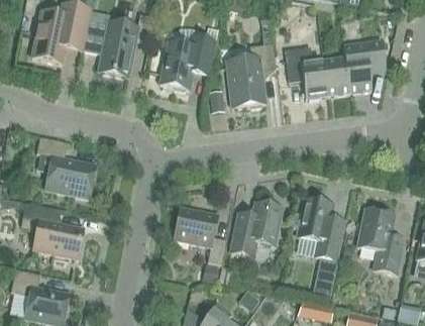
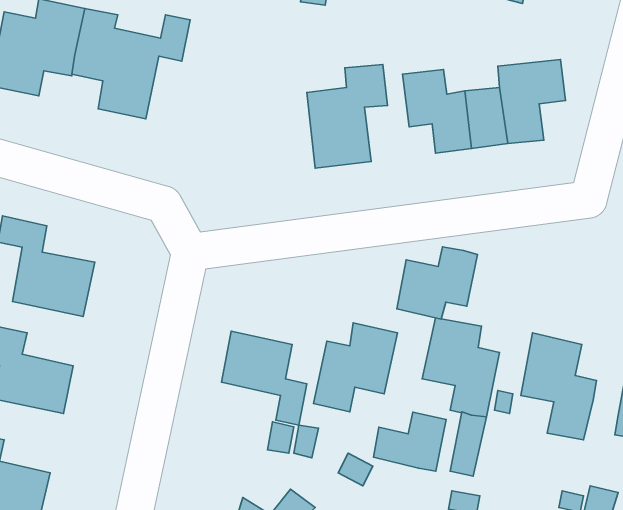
building: [160,36,215,89] -> none
building: none -> [397,247,478,319]
building: none -> [373,412,446,471]

